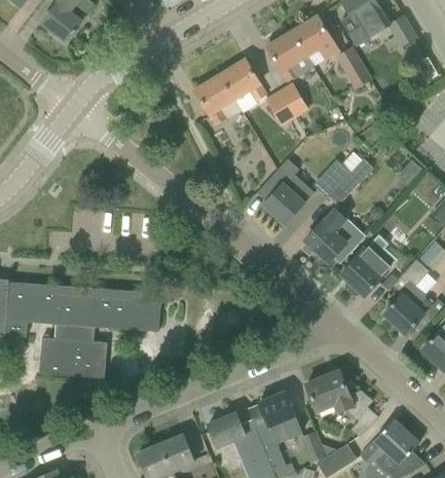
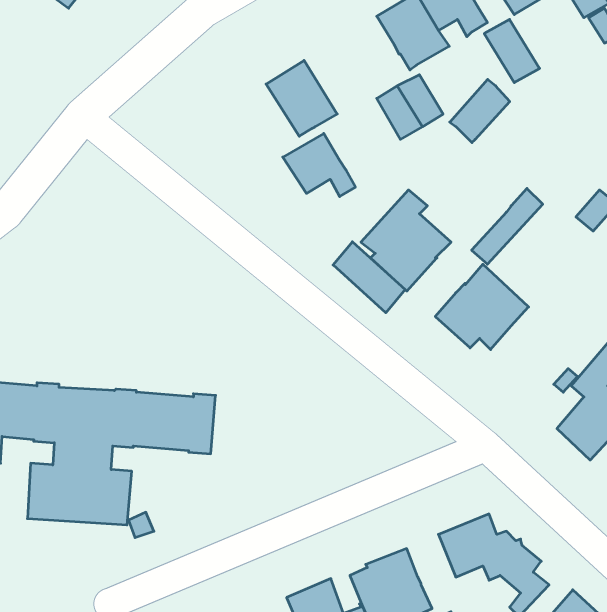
building: [219,60,266,101] -> [283,133,355,197]
building: [311,159,350,200] -> [450,79,510,143]
building: none -> [333,242,405,313]
building: [340,235,396,296] -> none

